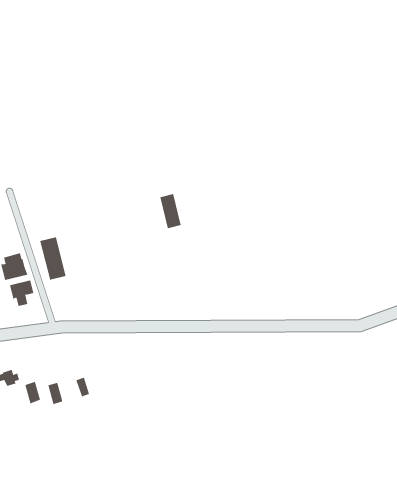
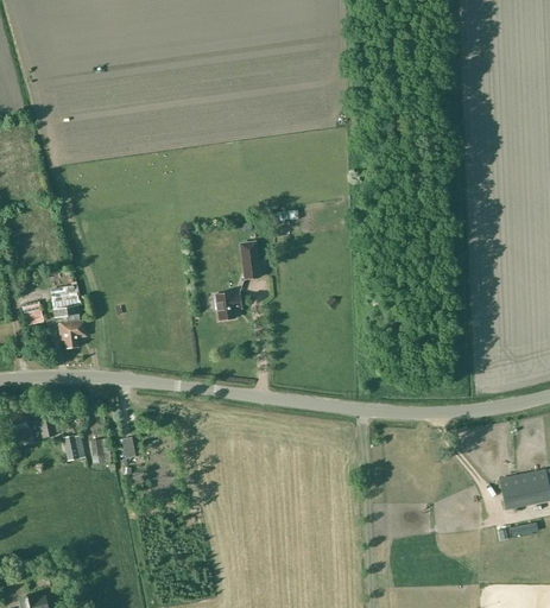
building: [39,237,66,281] -> none
building: none -> [213,292,242,319]

